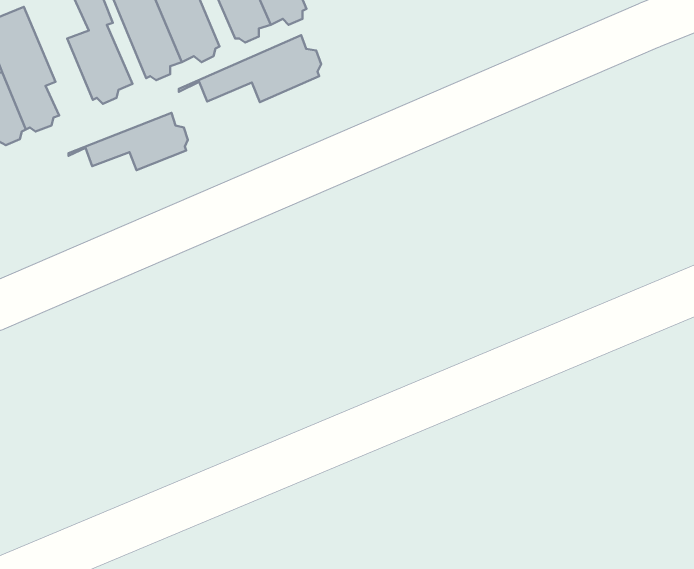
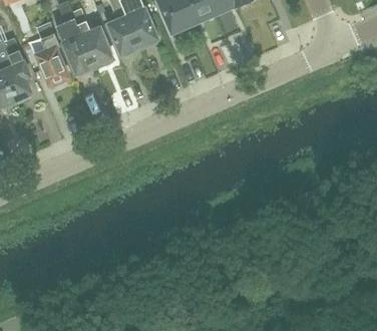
building: [179,35,321,102] -> none
building: [68,113,188,170] -> none

